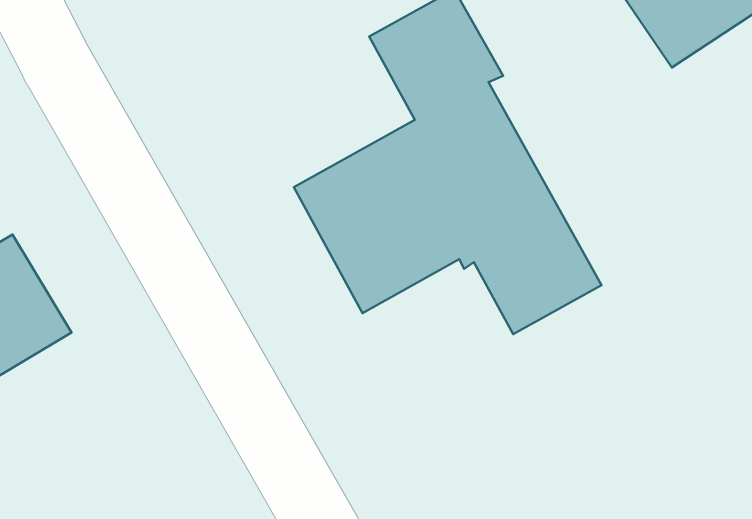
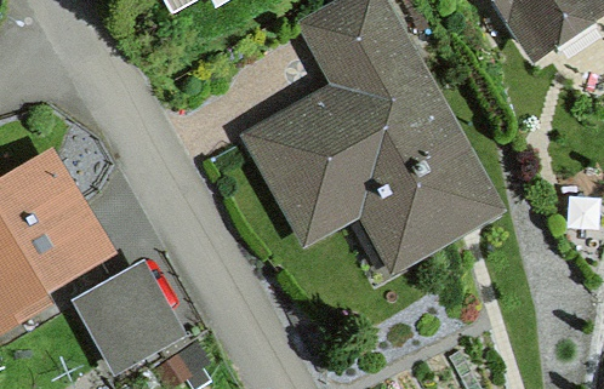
building: none -> [80,267,183,372]

